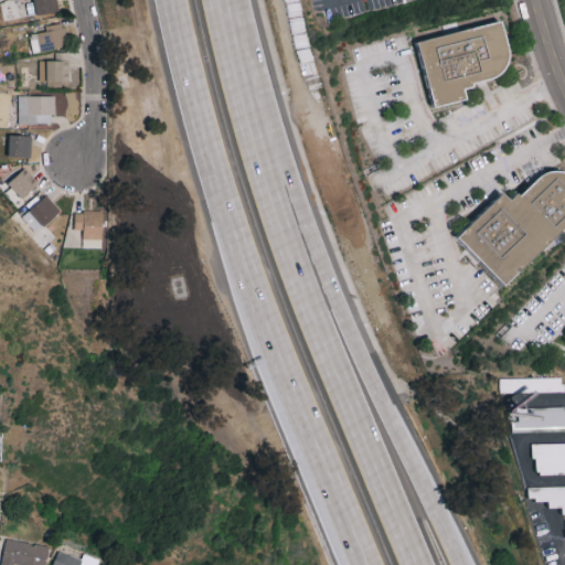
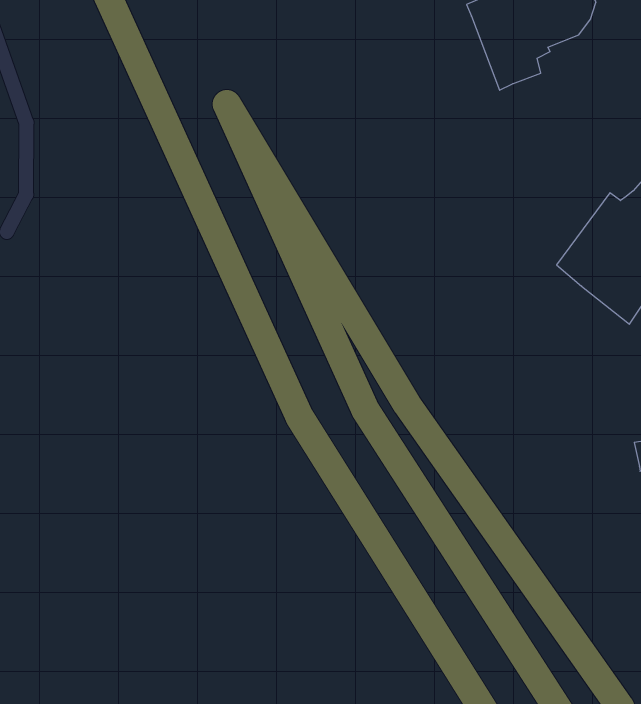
building: [75,210,103,238] -> none

